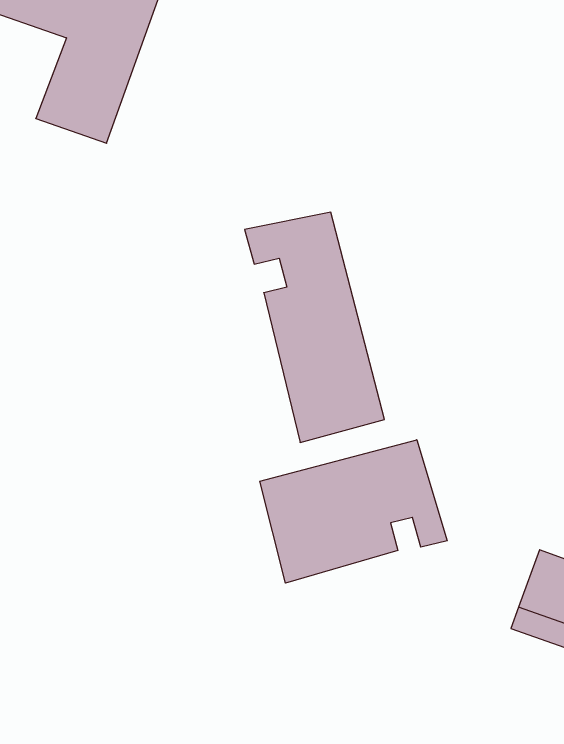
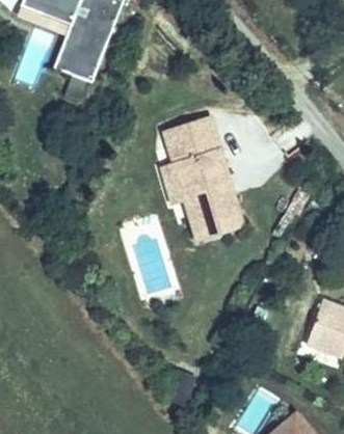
building: [260,440,447,583] -> none

